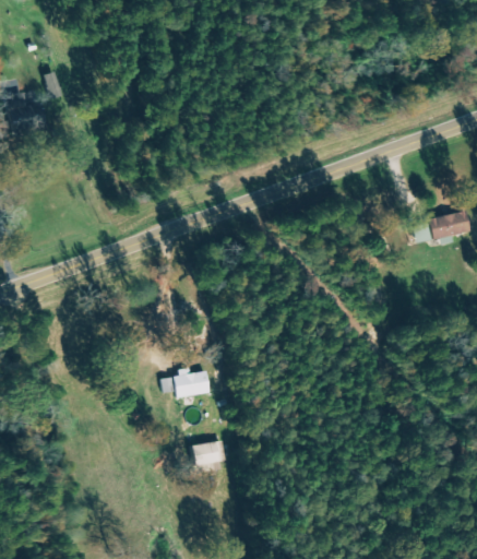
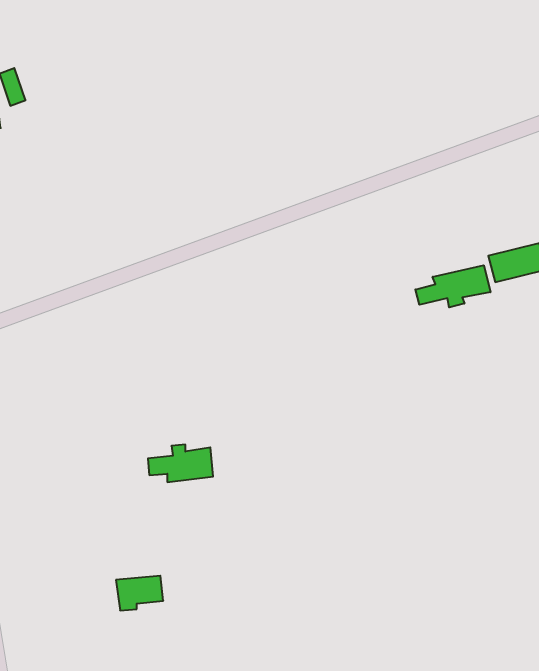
building: none -> [415,265,490,307]
building: [190,441,227,468] -> [116,576,163,610]

